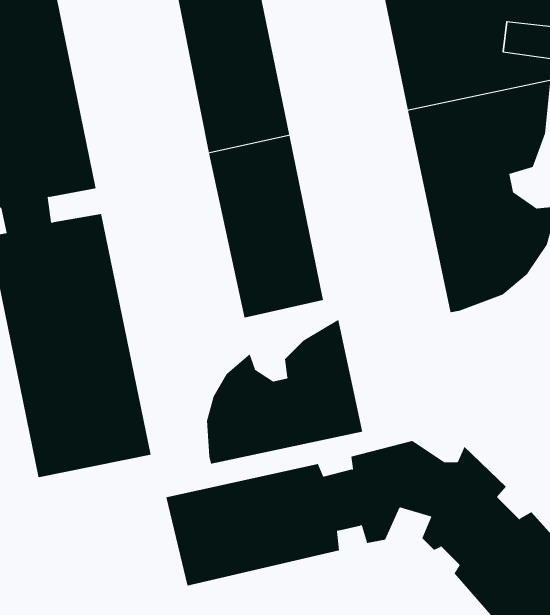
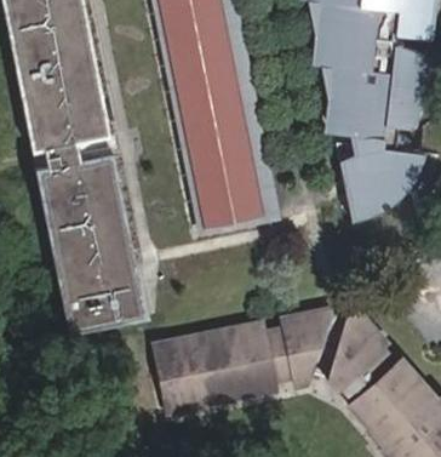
building: [206,319,363,465] -> none

